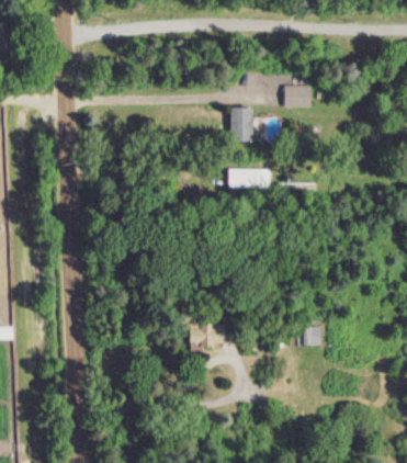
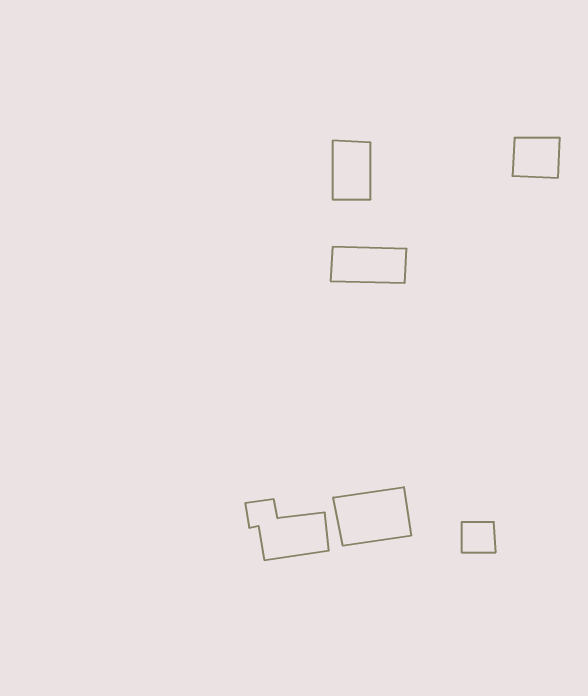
building: [284,84,312,108] -> [512,138,560,178]
building: none -> [333,487,411,546]

